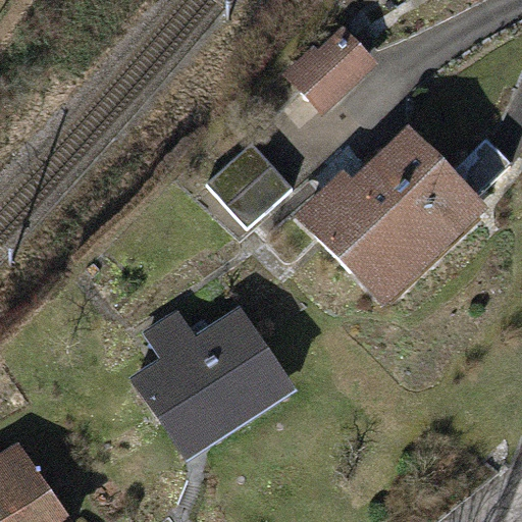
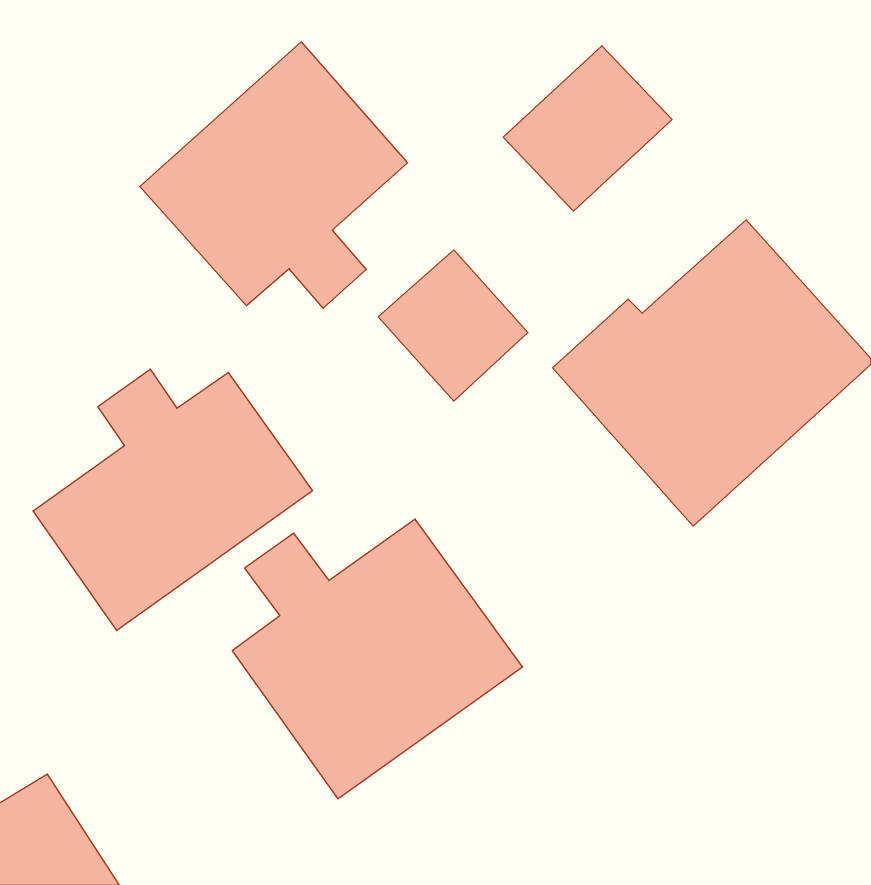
building: none -> [140,42,408,308]
building: none -> [33,369,313,631]

